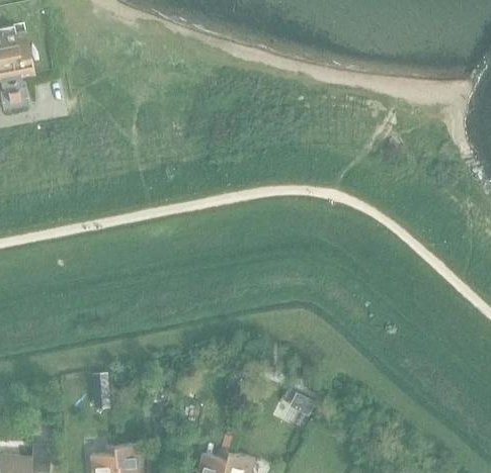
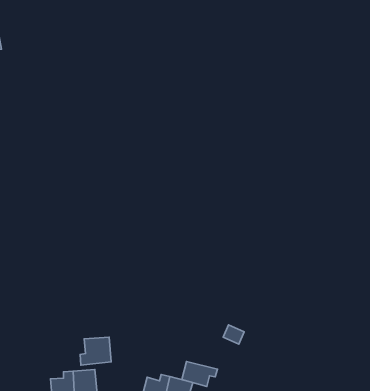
building: none -> [80,337,111,365]
building: none -> [182,362,217,386]

